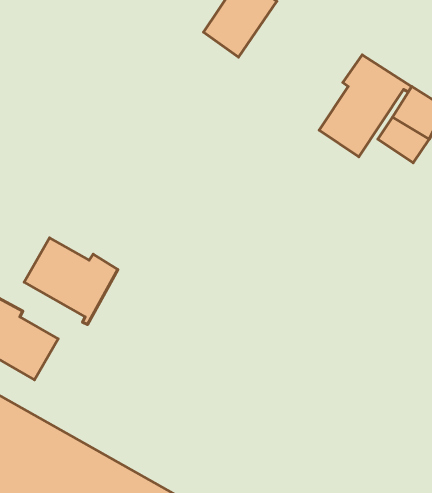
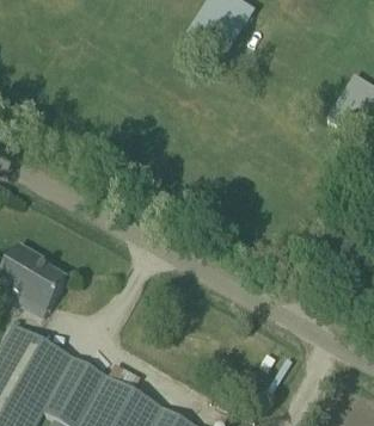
building: [319,55,411,157] -> none
building: [24,238,118,324] -> none

